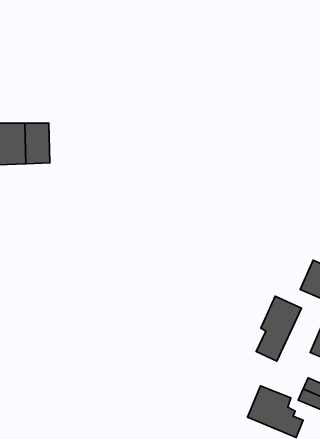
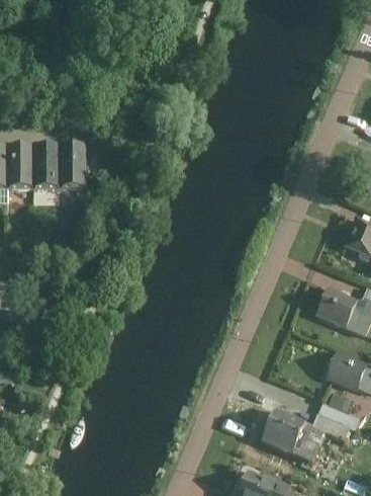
building: none -> [63,148,89,188]
building: [256,296,301,361] -> none

